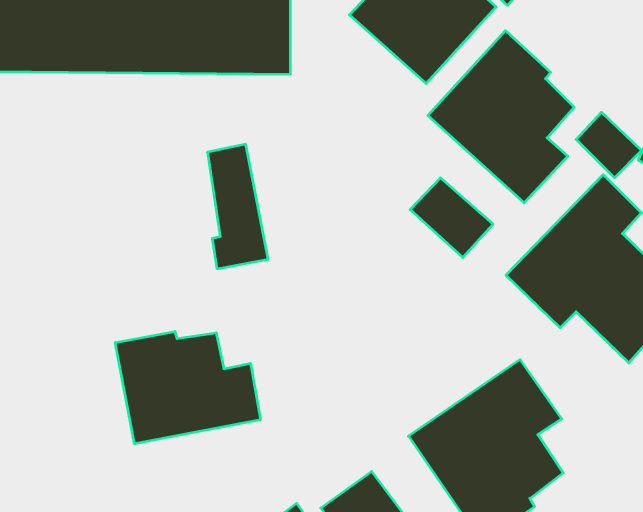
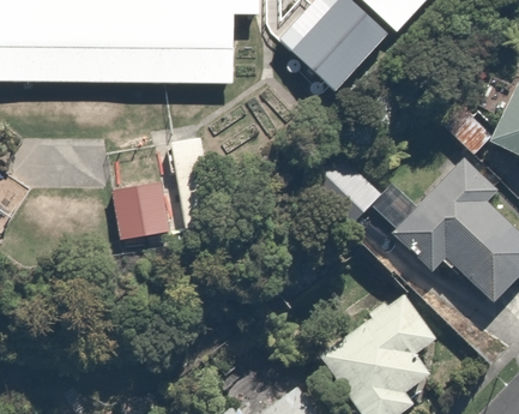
building: [428,31,574,203] -> none
building: none -> [109,178,168,236]
building: [115,331,260,444] -> none

